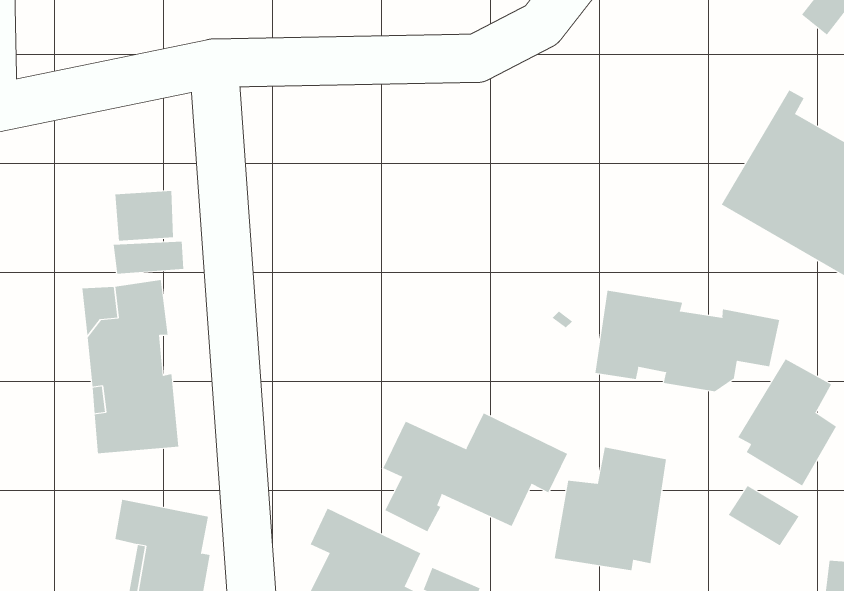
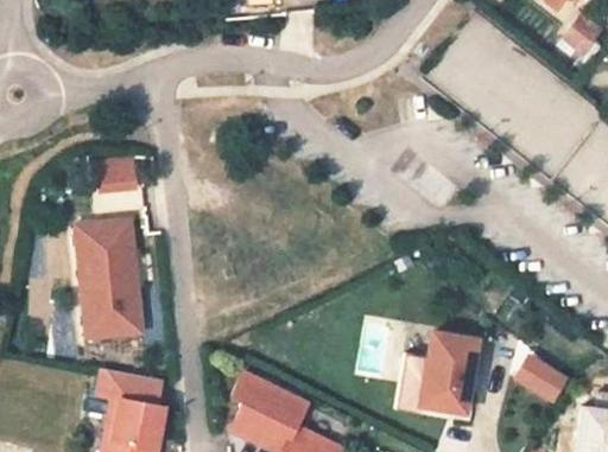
building: [595,290,780,392] -> none
building: [737,359,837,486] -> none
building: [383,413,568,532] -> none

